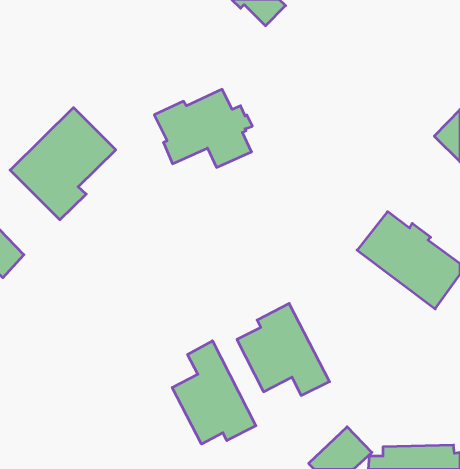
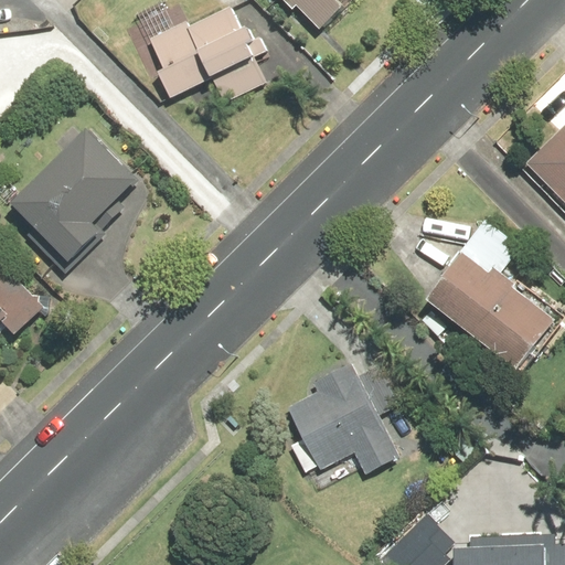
building: [154,89,252,167] -> [147,8,265,102]
building: [172,341,256,444] -> none

